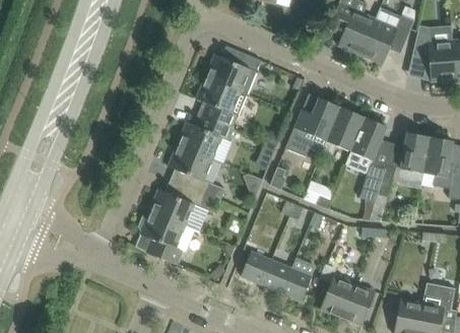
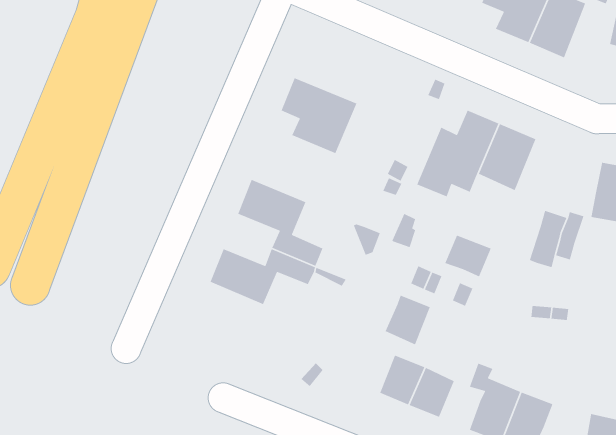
building: [205,54,261,93] -> none
building: [177,115,233,158] -> none
building: [350,117,386,160] -> none
building: [140,211,185,262] -> none
building: [241,251,271,284] -> [385,295,431,346]

